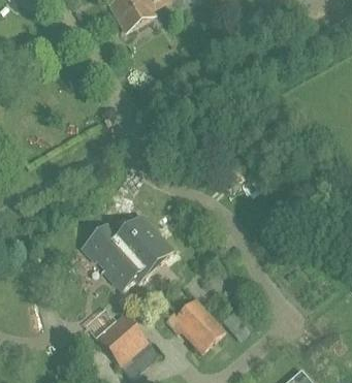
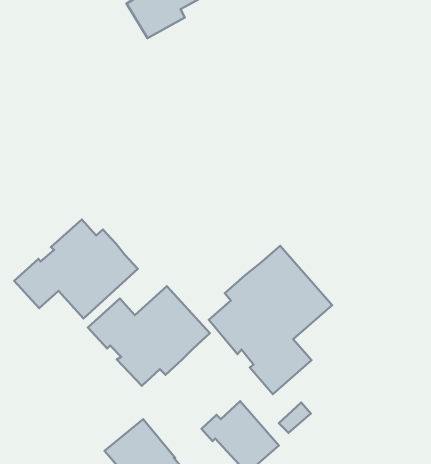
building: none -> [14,220,138,318]
building: none -> [209,246,332,394]

